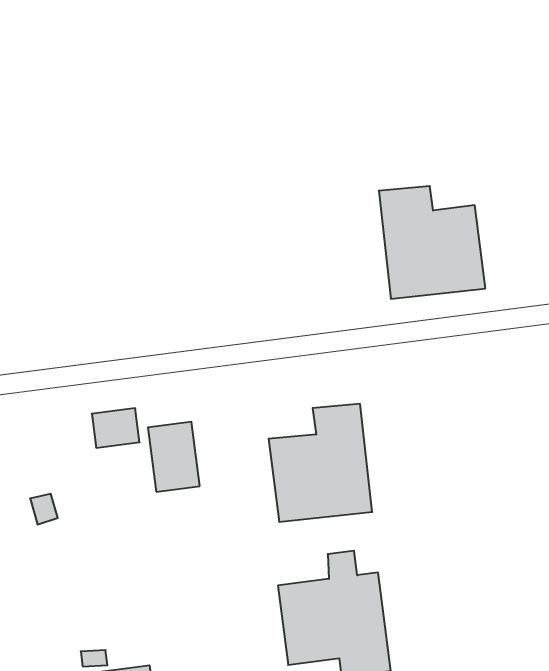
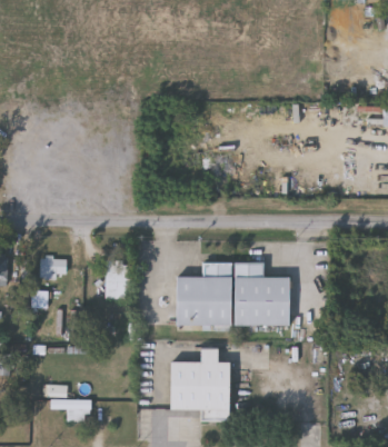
building: [379,186,485,299] -> [233,261,289,326]
building: [92,408,140,448] -> [41,258,67,278]

